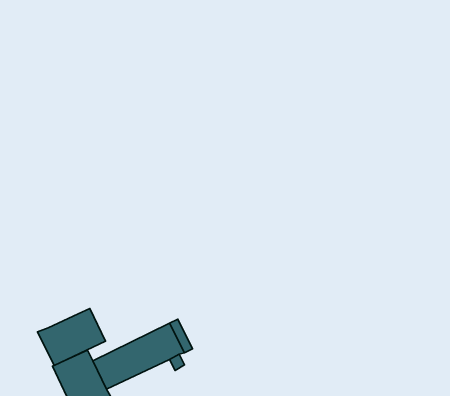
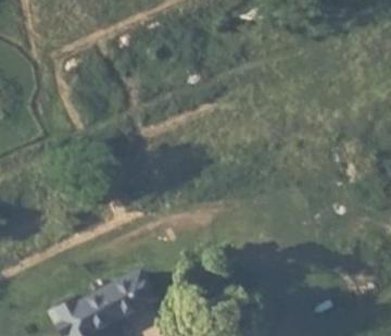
building: [37,309,106,365] -> none

